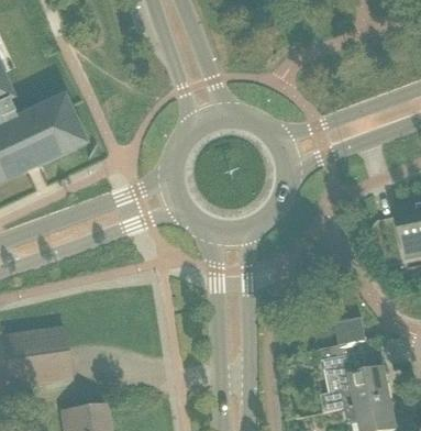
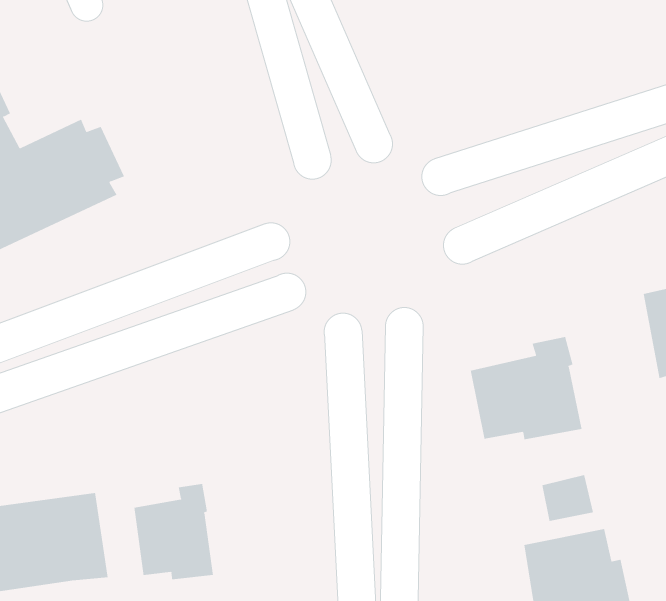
building: none -> [470,336,582,440]
building: none -> [134,483,214,580]

